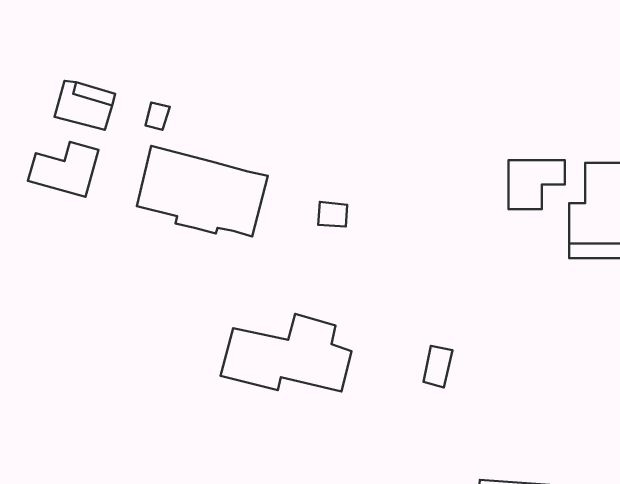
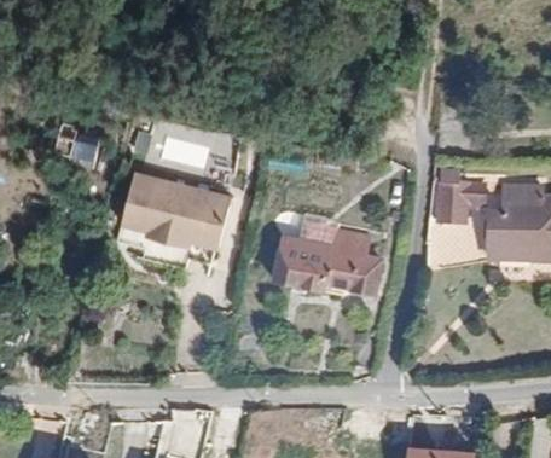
building: [28,142,99,197] -> none
building: [220,314,352,392] -> [282,234,391,300]

